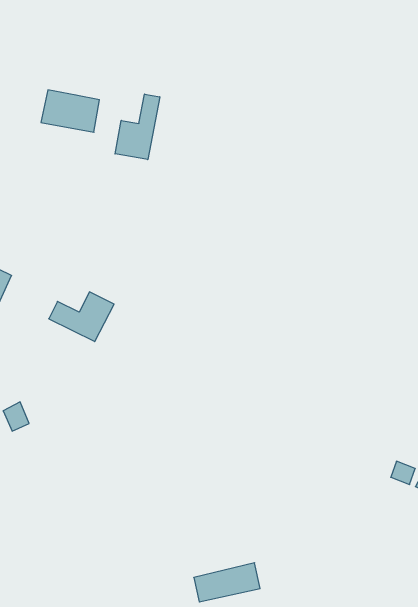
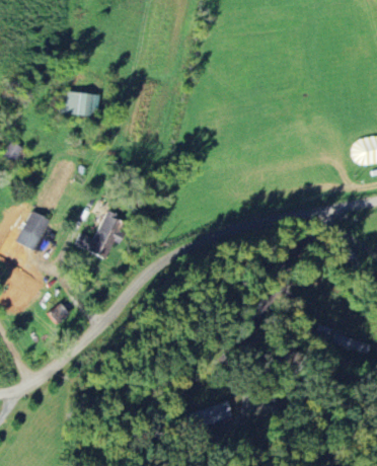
building: [115,94,160,160] -> none

